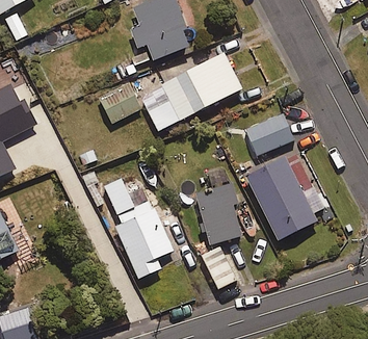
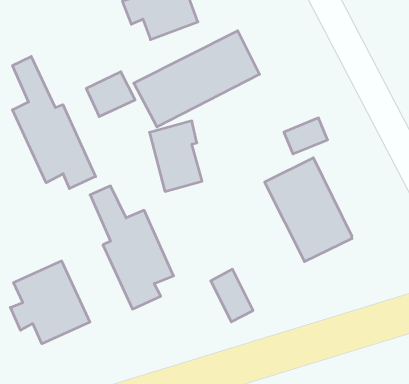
building: none -> [12,56,96,189]
building: [199,186,241,243] -> [149,121,202,191]
building: none -> [10,261,90,344]

